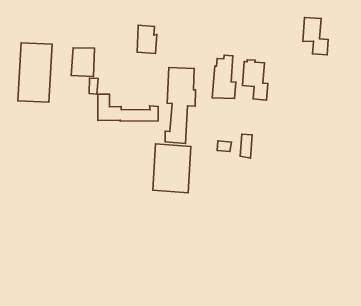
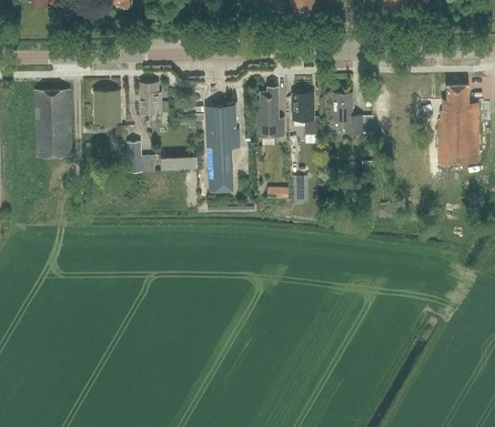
building: [303,17,328,55] -> [333,93,362,134]
building: [137,25,157,54] -> [139,83,161,114]
building: [153,144,191,193] -> none

